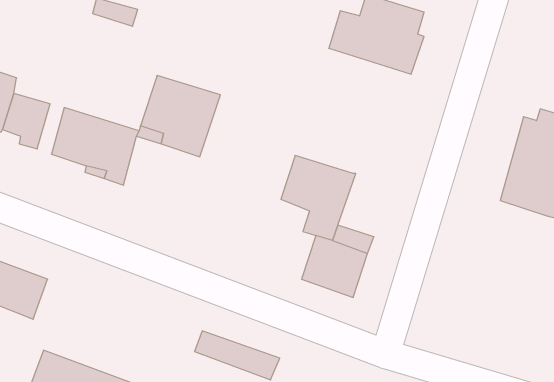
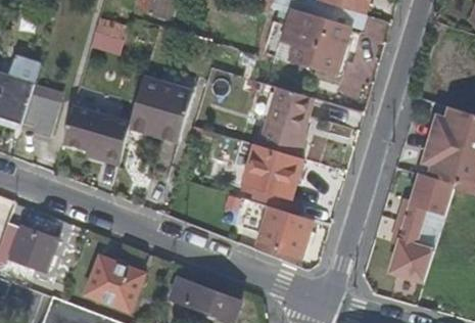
building: none -> [259,87,318,157]
building: none -> [387,179,454,285]
building: none -> [86,260,143,312]

